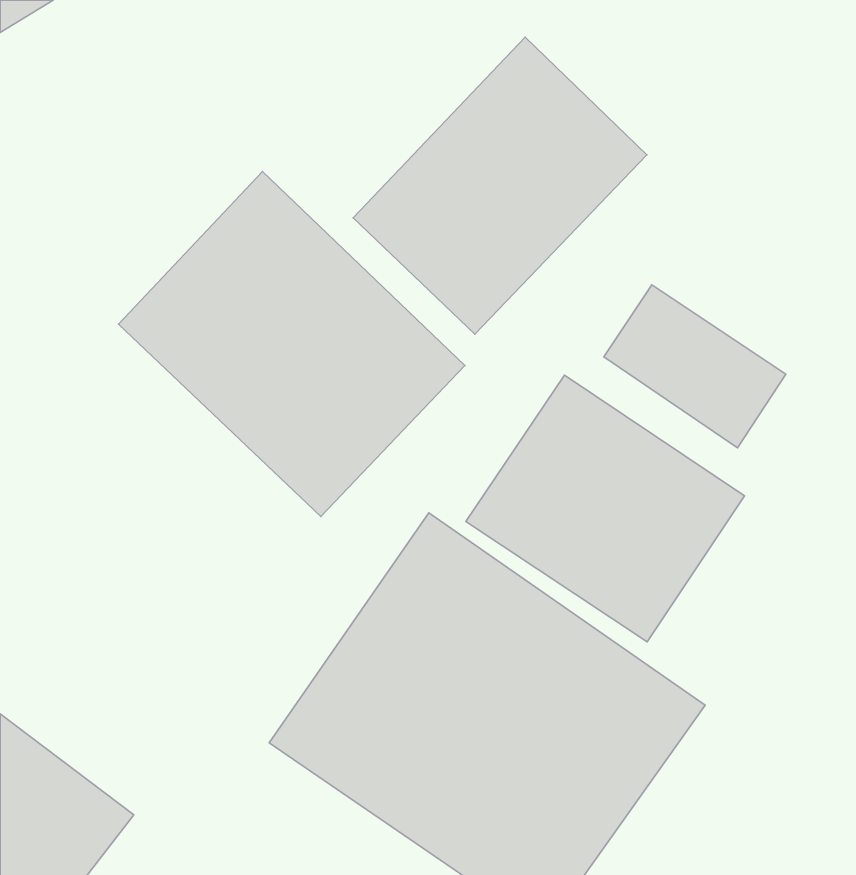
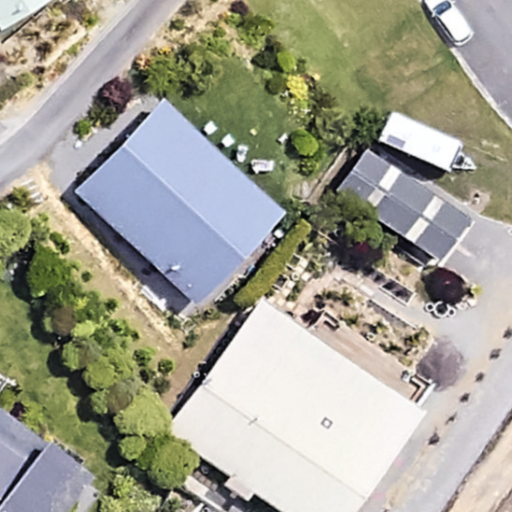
building: [353,37,647,334] -> none
building: [466,375,745,642] -> none

